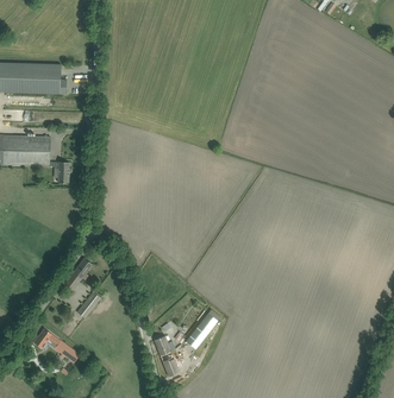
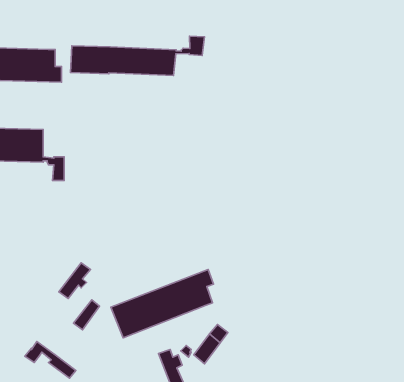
building: none -> [71,36,204,76]
building: none -> [111,269,213,338]

